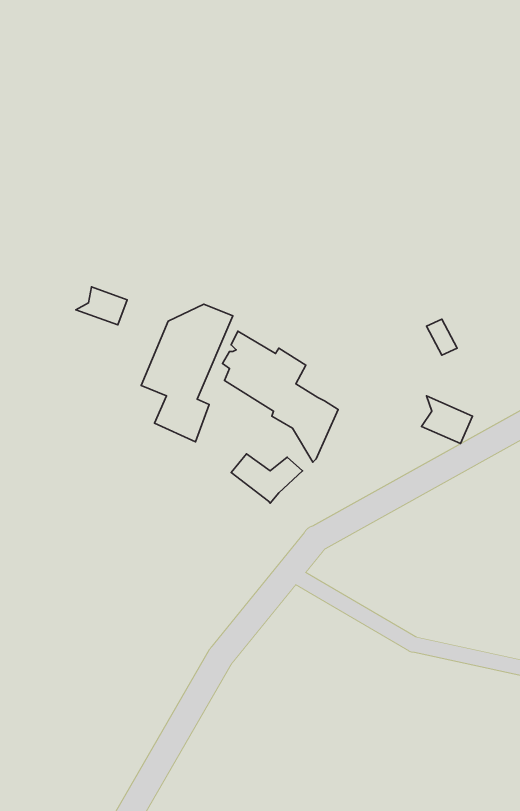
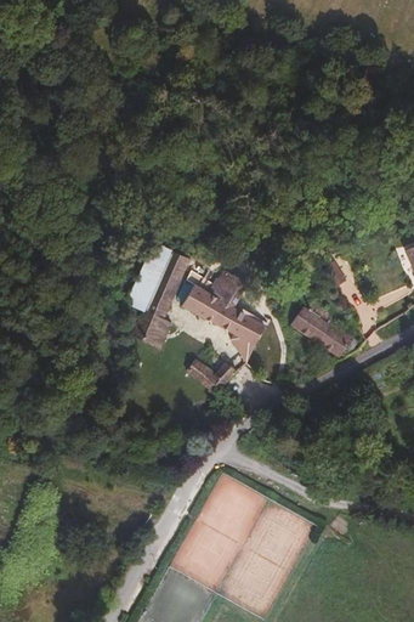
building: [76,287,127,325] -> none
building: none -> [287,302,330,338]

